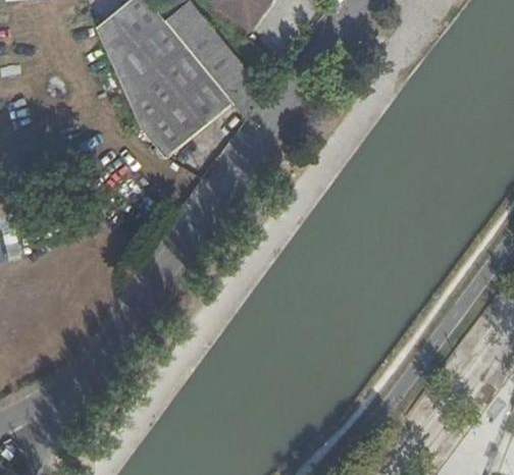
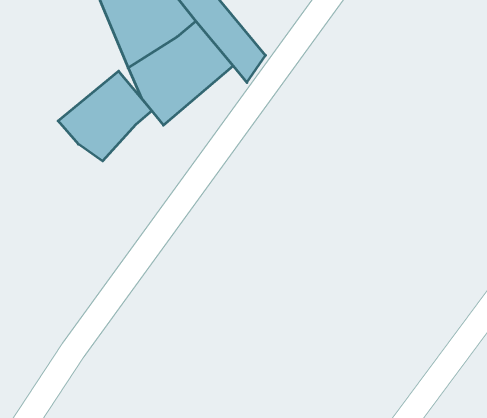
building: none -> [58,71,152,161]

